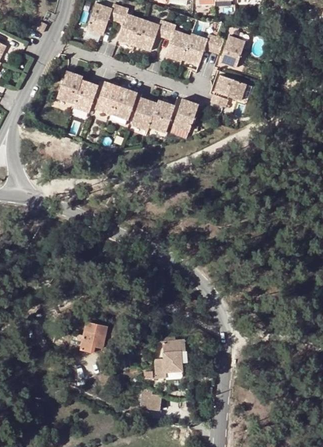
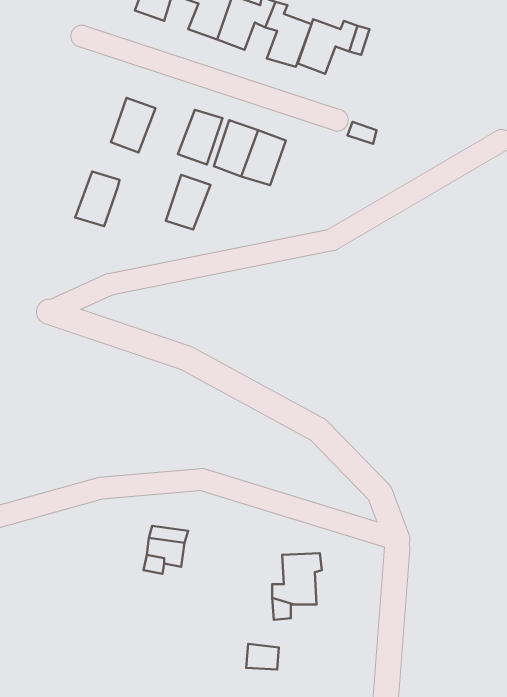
building: [217,37,242,68] -> none
building: [54,71,80,103] -> [75,171,120,226]
building: [212,75,244,100] -> none
building: [93,81,119,113] -> [166,175,210,229]
building: [170,97,196,129] -> none

